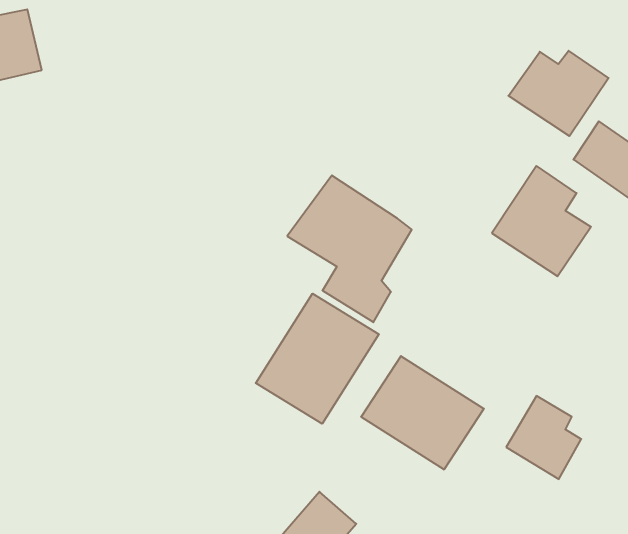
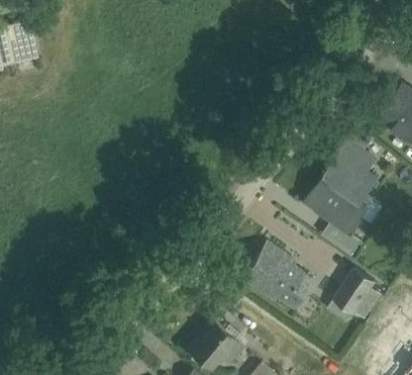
building: [508,51,609,136] -> none
building: [287,175,412,322] -> [296,162,375,255]
building: [256,294,379,424] -> none

